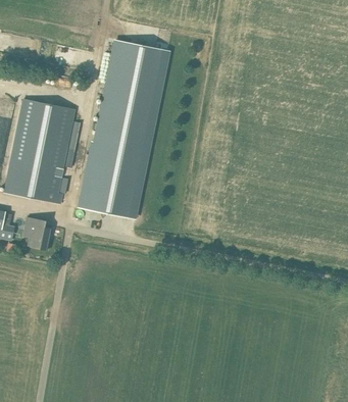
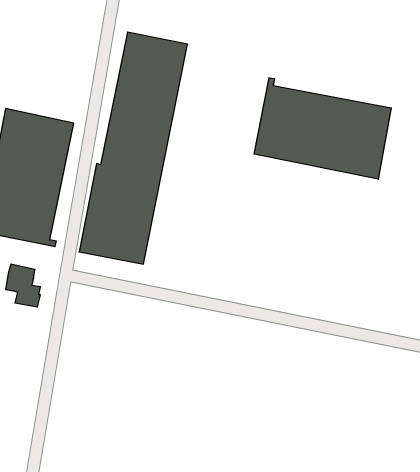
building: none -> [254,78,391,179]

